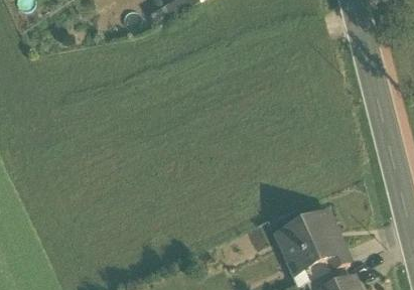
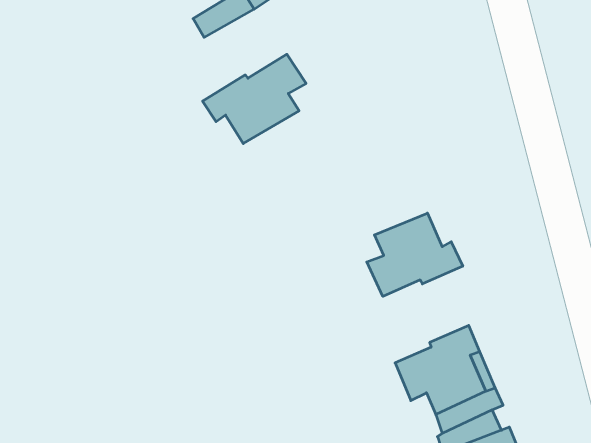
building: none -> [203,54,306,144]
building: none -> [367,213,463,296]

